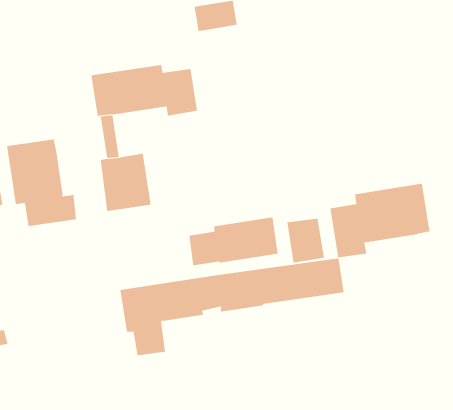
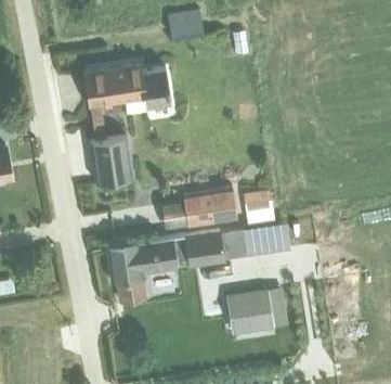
building: [7,139,77,227] -> none
building: [330,183,430,258] -> none
building: none -> [226,290,274,335]

